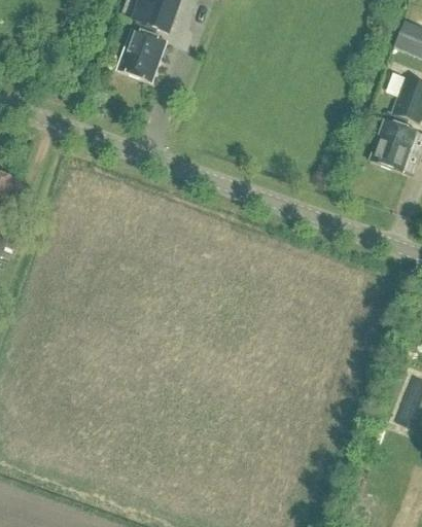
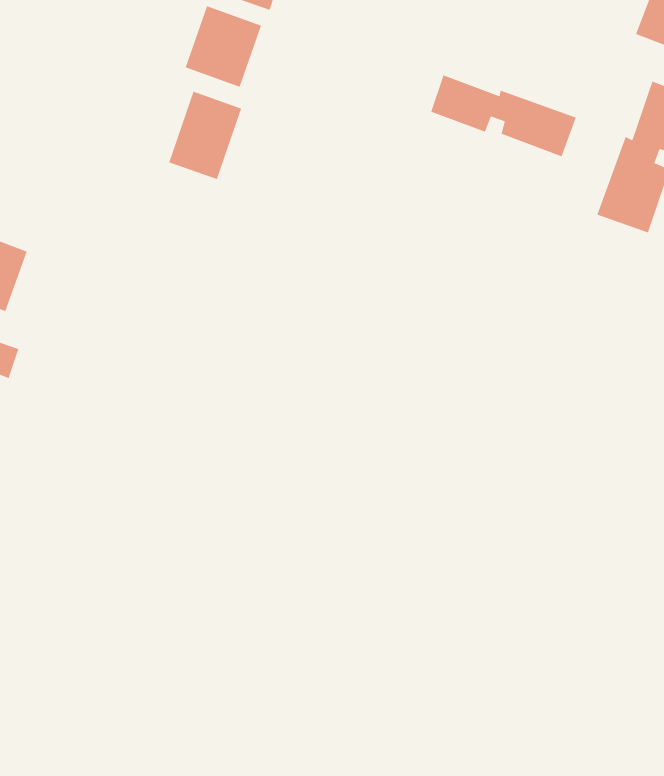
building: none -> [430,74,576,157]
building: none -> [168,91,242,180]

